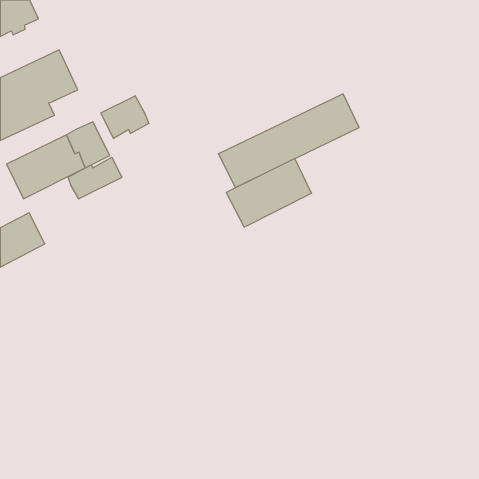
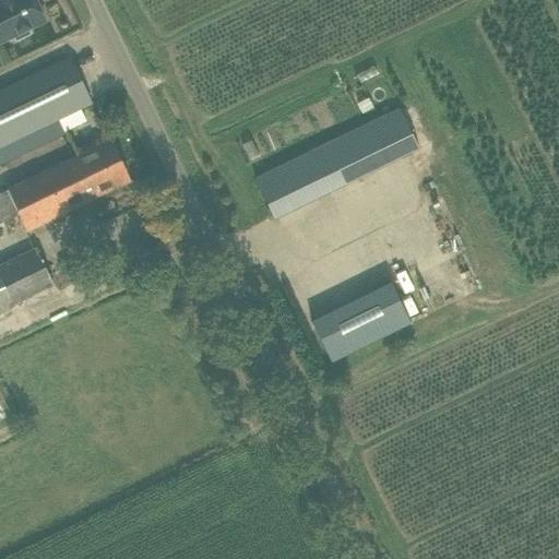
building: [101,96,149,139] -> none
building: [68,157,122,199] -> none
building: [226,159,312,227] -> [310,283,409,362]

